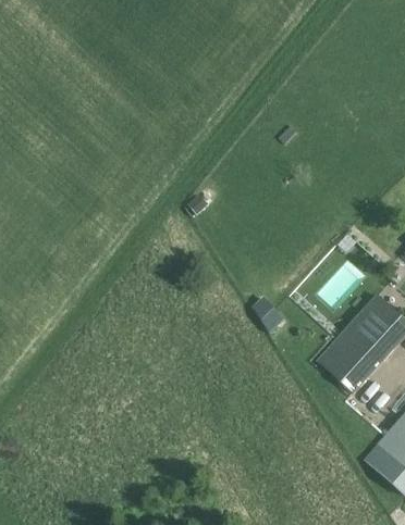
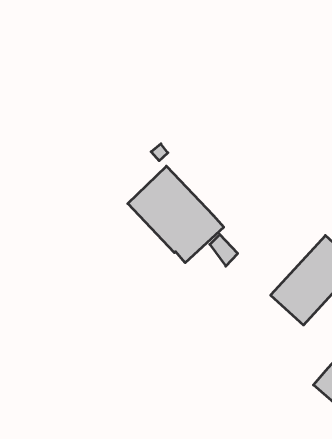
building: none -> [128,166,224,263]

